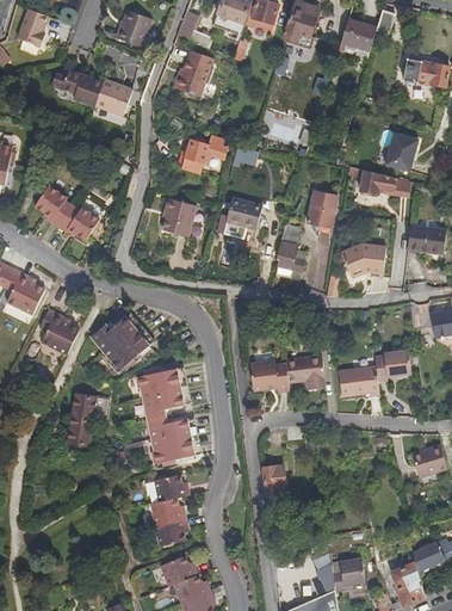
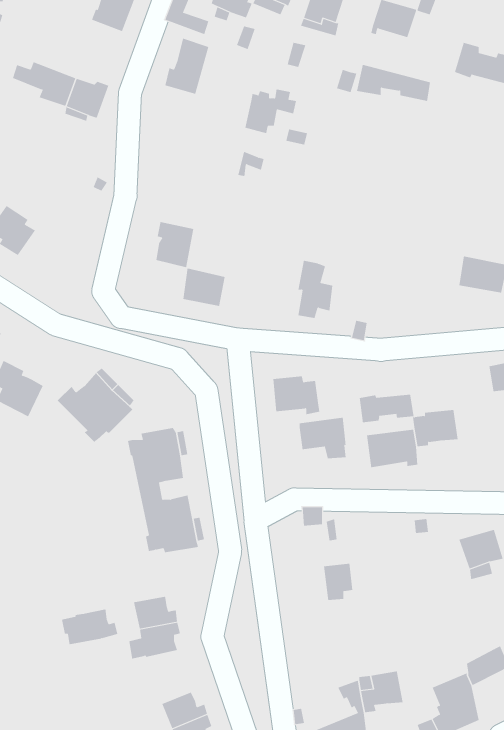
building: [386,134,420,173] -> none
building: [184,135,225,171] -> [245,89,297,134]
building: [358,168,417,198] -> [356,64,431,102]
building: [310,189,336,224] -> none
building: [229,197,264,228] -> [182,268,226,307]
building: [57,205,98,240] -> none
building: [342,245,385,274] -> none
building: none -> [359,394,414,423]
building: [247,359,285,390] -> [273,376,320,415]
building: [66,396,106,449] -> none
building: [261,468,285,498] -> [323,563,353,601]
building: [143,474,188,502] -> [61,609,118,645]
building: [159,556,196,586] -> none

